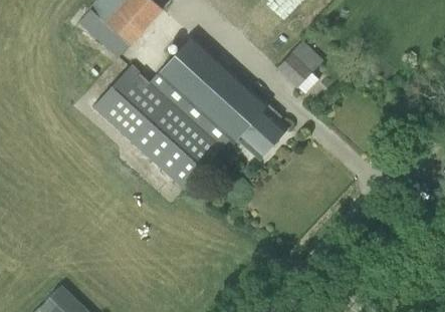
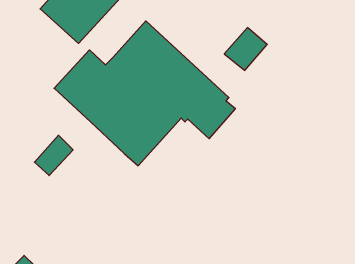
building: none -> [34,135,73,176]

